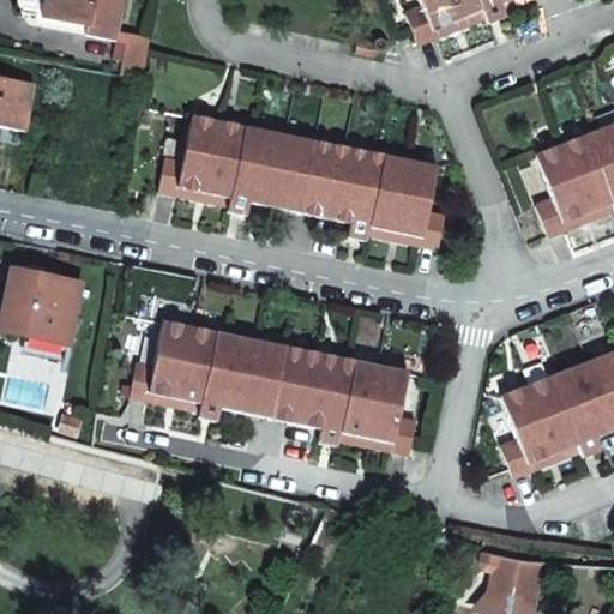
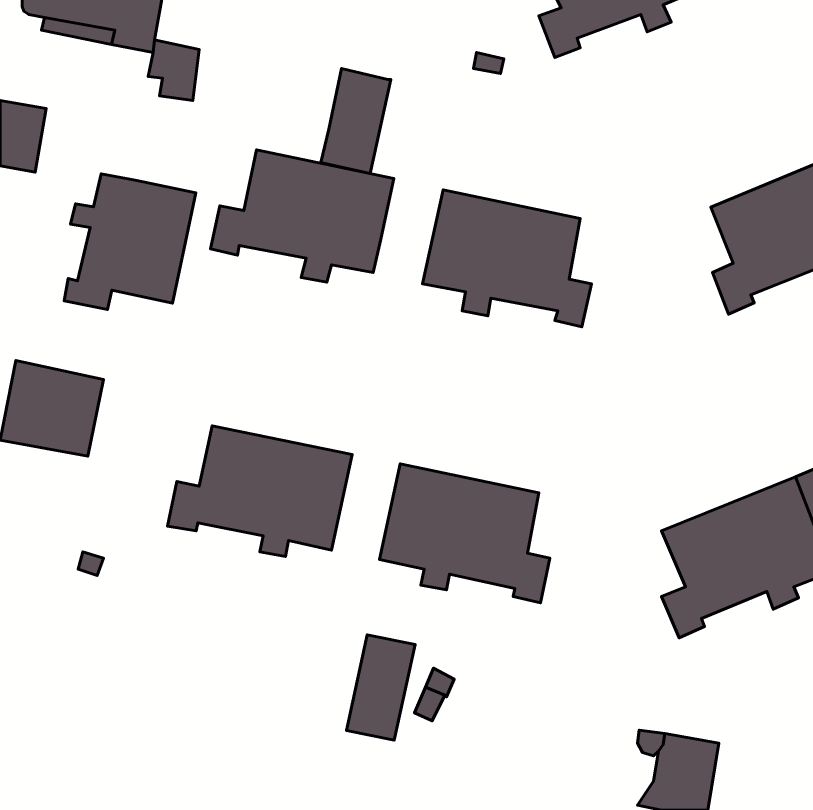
building: none -> [64,174,196,309]
building: [282,134,335,213] -> [321,68,391,174]
building: [251,342,302,421] -> [346,635,415,740]

